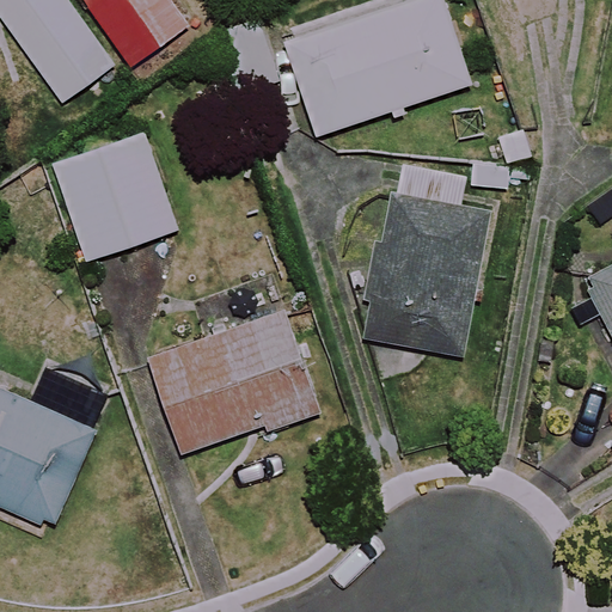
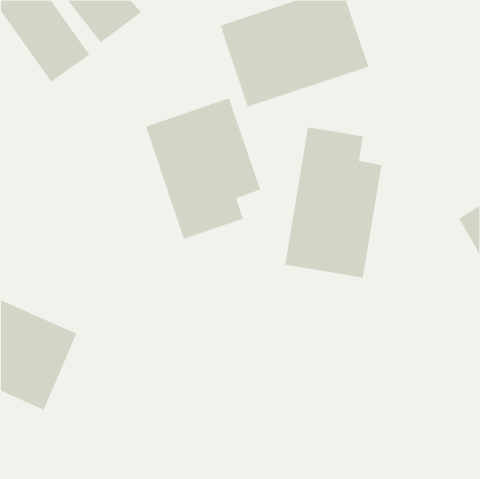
building: none -> [145,97,261,240]
building: [53,134,178,262] -> none
building: [143,310,319,454] -> none

